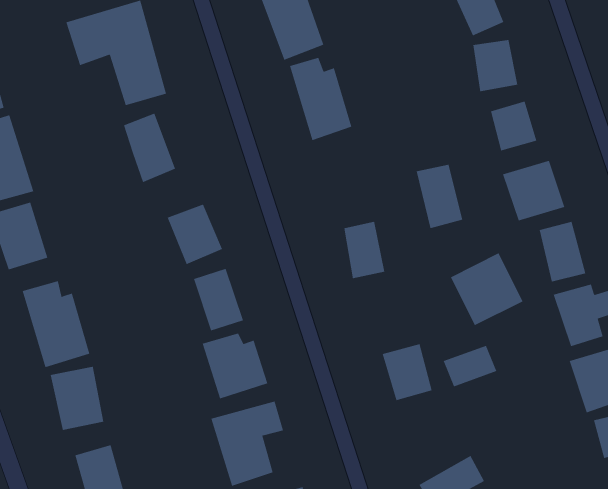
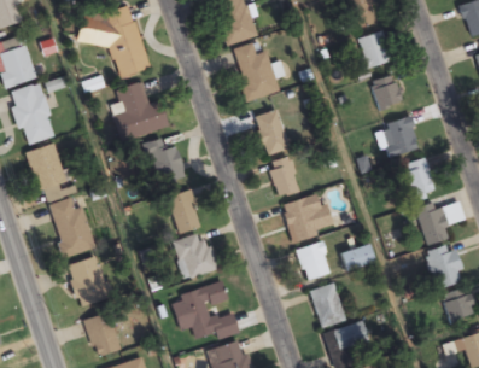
building: [416,164,463,229] -> [256,110,288,154]
building: [450,253,523,326] -> [281,192,332,243]
building: none -> [310,282,347,327]

